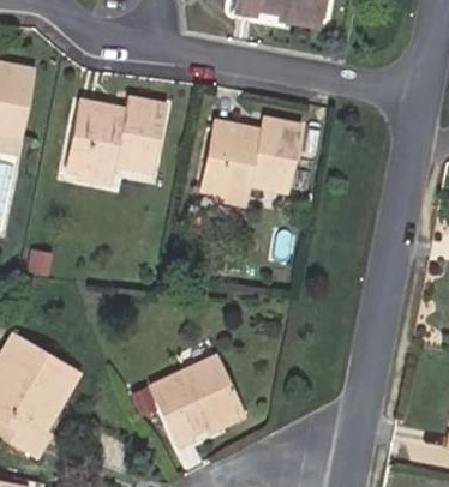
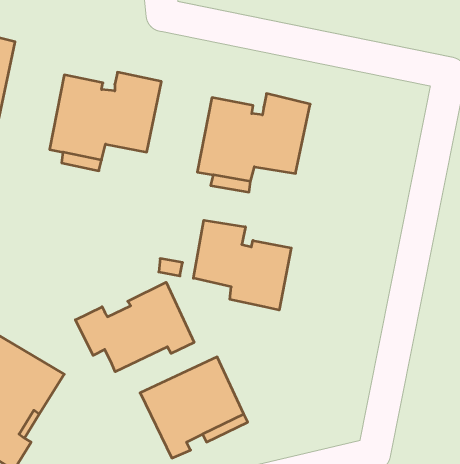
building: none -> [193,220,291,310]
building: none -> [75,282,194,372]

